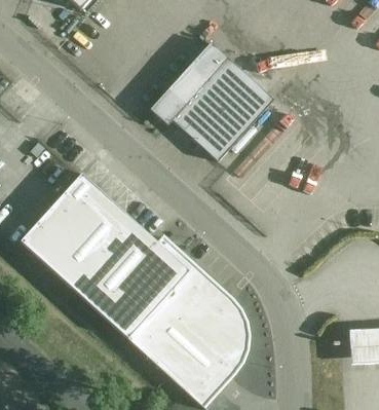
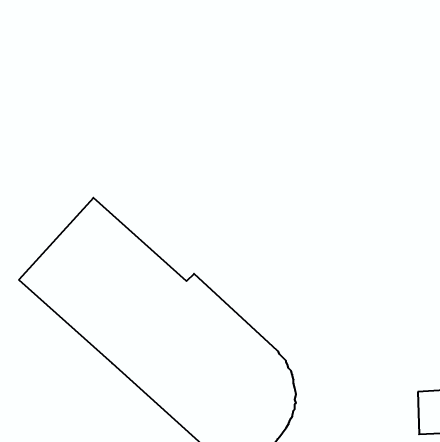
building: [151,42,275,161] -> none

